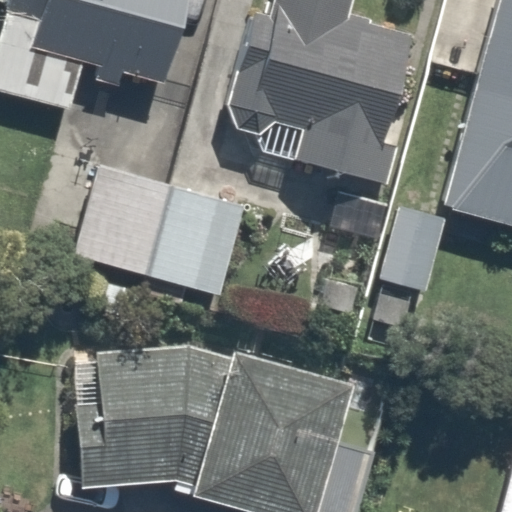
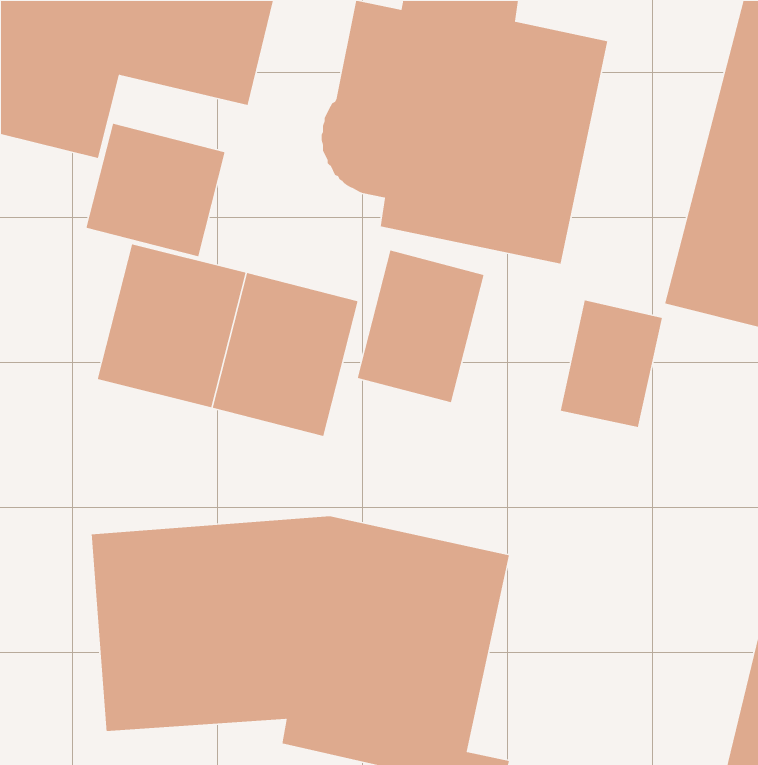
building: none -> [86,123,226,257]
building: none -> [357,250,484,403]

